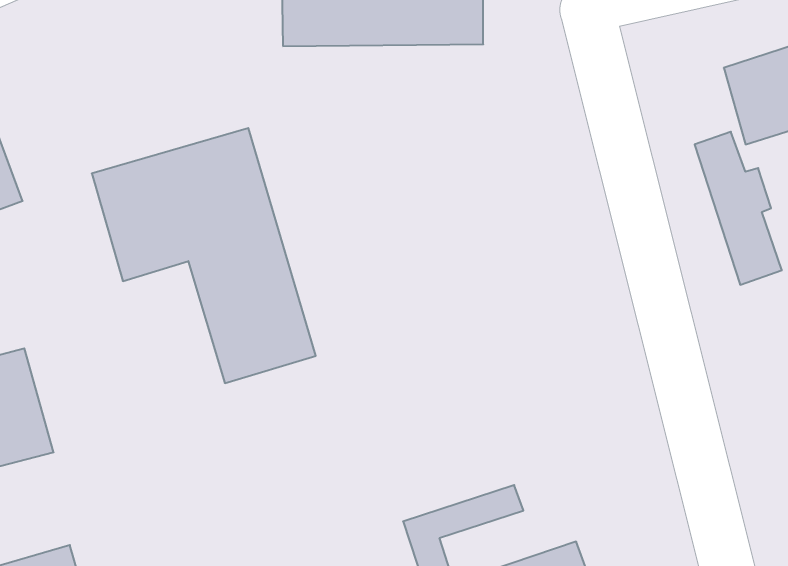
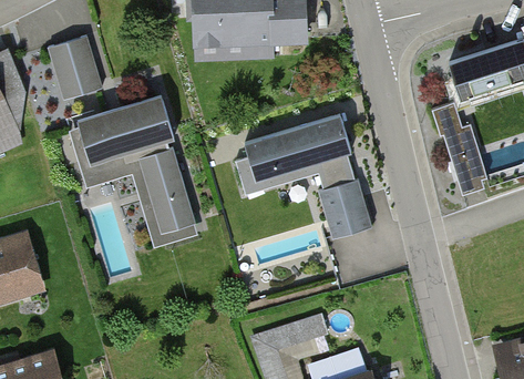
building: none -> [47,31,112,94]
building: none -> [230,119,350,188]
building: none -> [318,175,370,234]

